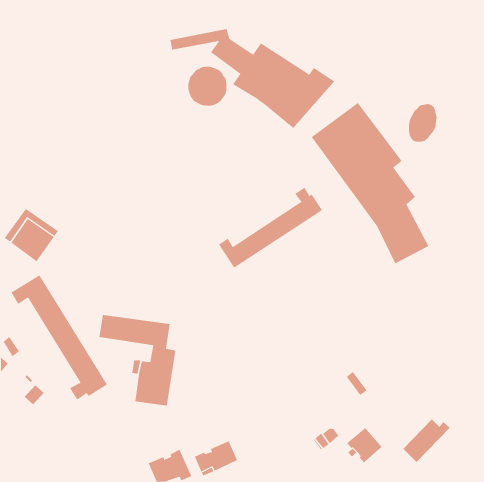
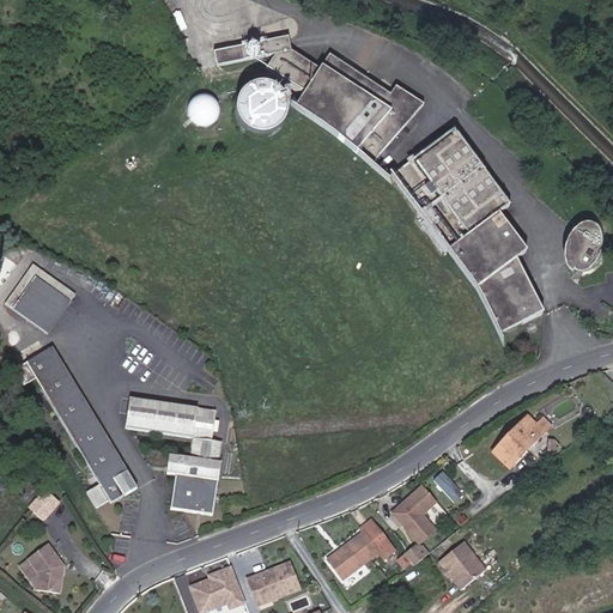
building: [408,103,438,142] -> [570,218,607,267]
building: [218,187,323,269] -> none
building: none -> [395,482,441,539]
building: none -> [329,517,395,575]
building: [402,418,451,463] -> [493,411,554,467]
building: none -> [26,542,62,591]

